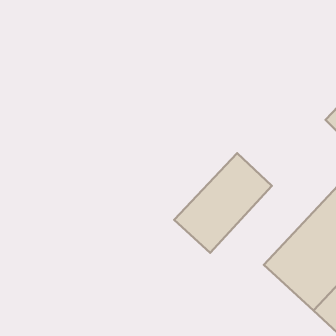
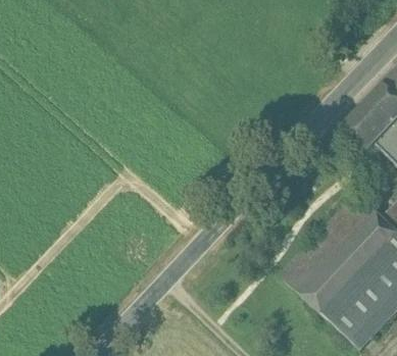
building: [174,153,272,253] -> none

